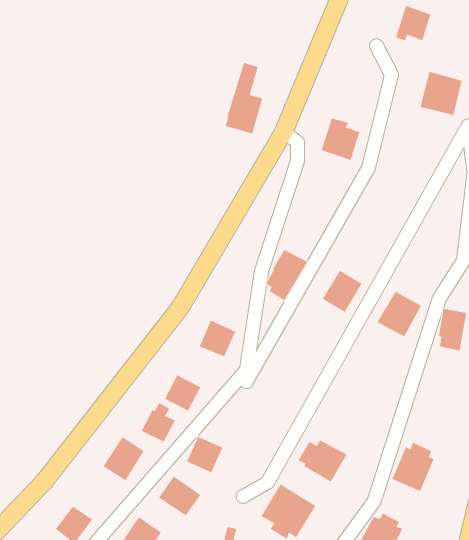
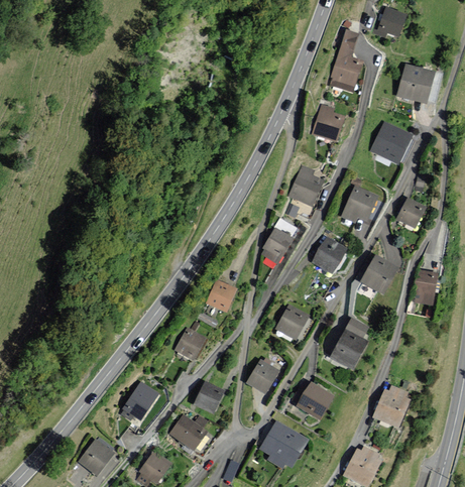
building: [225,62,263,134] -> [329,29,362,92]
building: none -> [370,122,413,164]
building: none -> [287,164,326,207]
building: none -> [340,185,378,223]
building: none -> [396,198,426,228]
building: none -> [275,305,309,340]
building: none -> [330,318,368,370]
building: [141,402,176,443] -> none
building: none -> [246,360,278,393]

